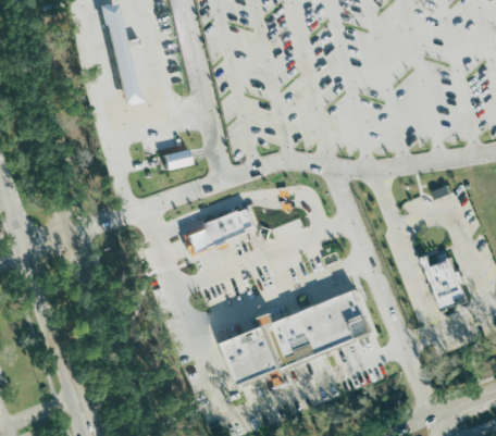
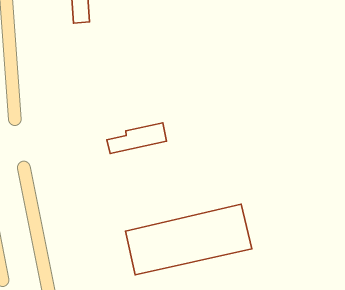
building: [162,149,191,171] -> none
building: [423,258,464,308] -> none

